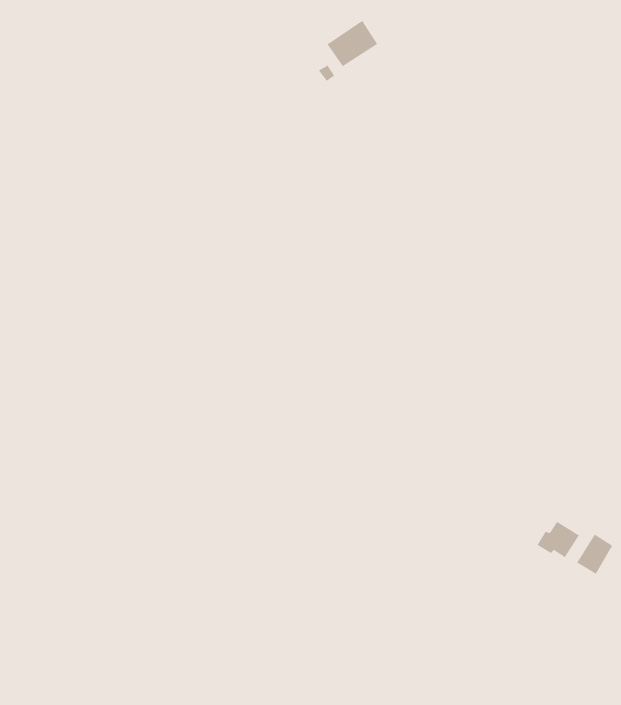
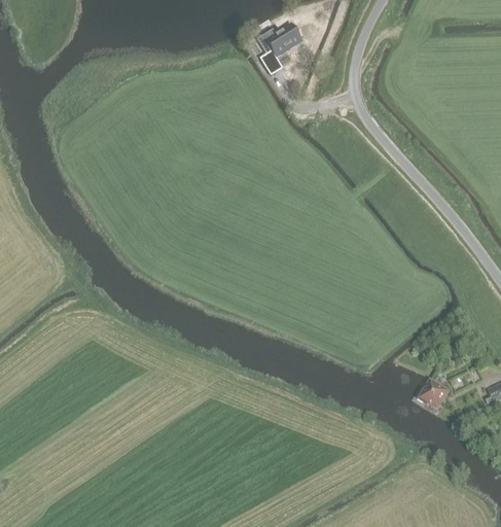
building: [576,534,613,575] -> none

